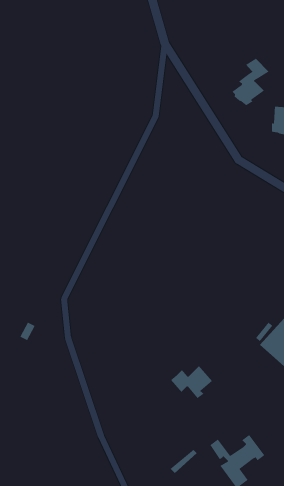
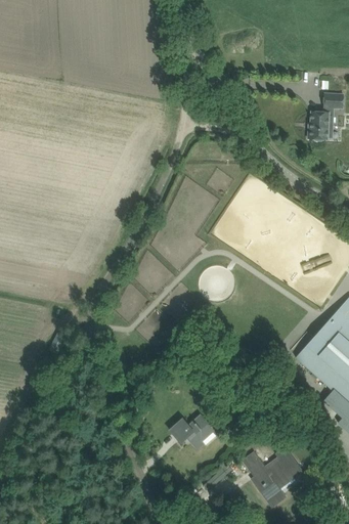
building: [232,58,269,106] -> none
building: [170,365,213,399] -> [170,414,214,449]

